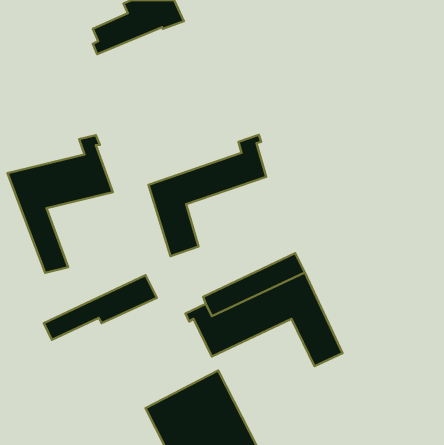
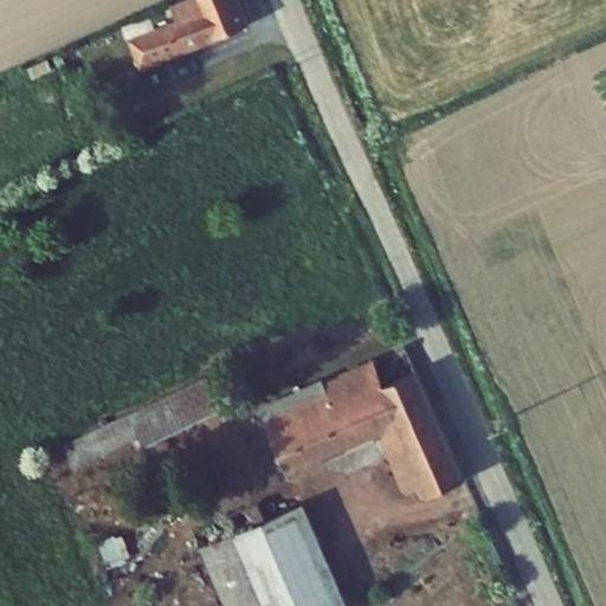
building: [148,135,266,256] -> none
building: [8,135,113,273] -> none

